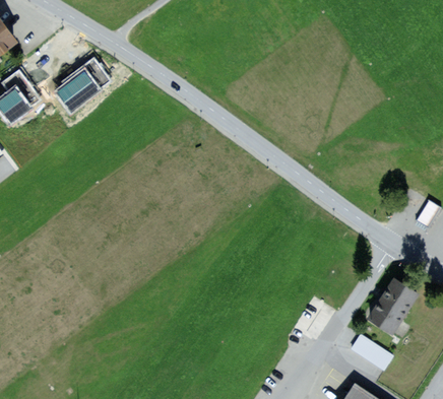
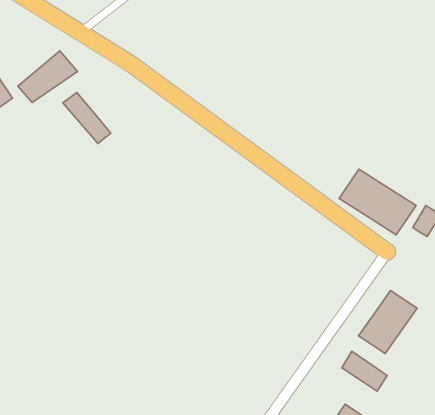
building: none -> [63,93,111,143]
building: none -> [339,169,416,235]

